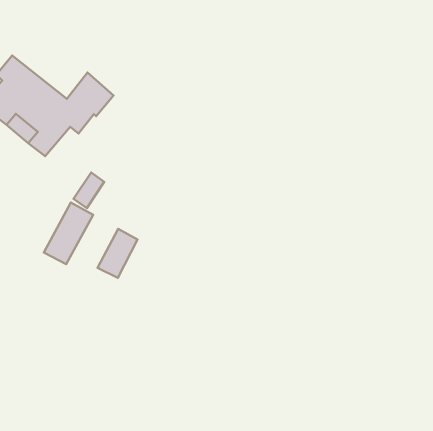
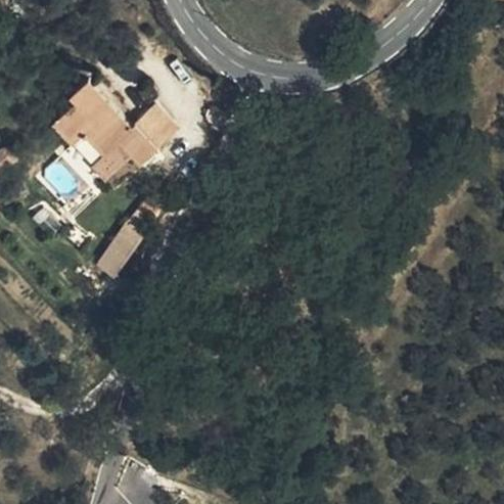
building: [97,229,138,278] -> none

